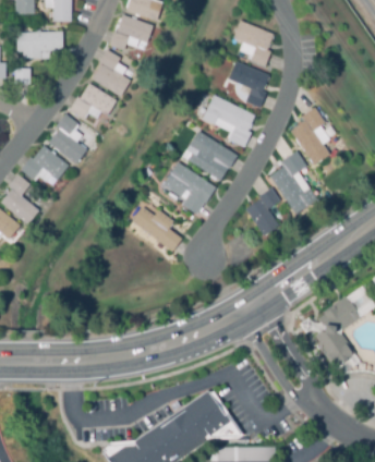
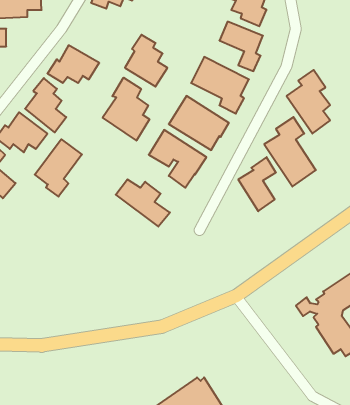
building: [92,50,131,98] -> [125,35,167,87]
building: none -> [103,78,149,141]
building: none -> [35,139,82,197]

